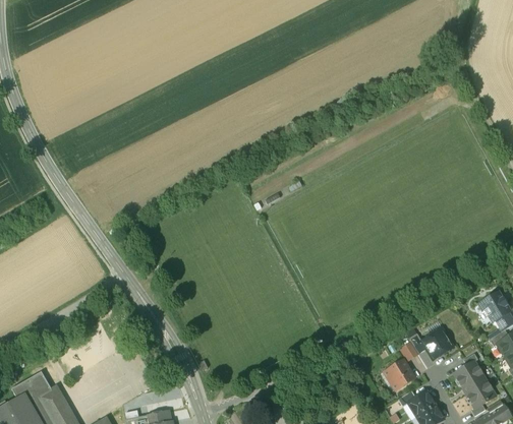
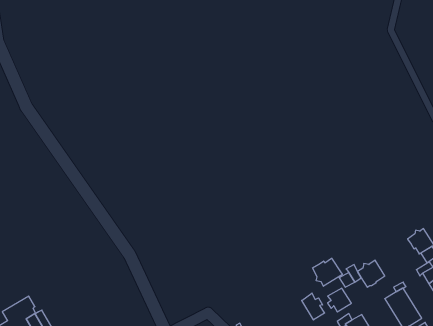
building: none -> [313,258,342,286]
building: none -> [302,293,325,320]

